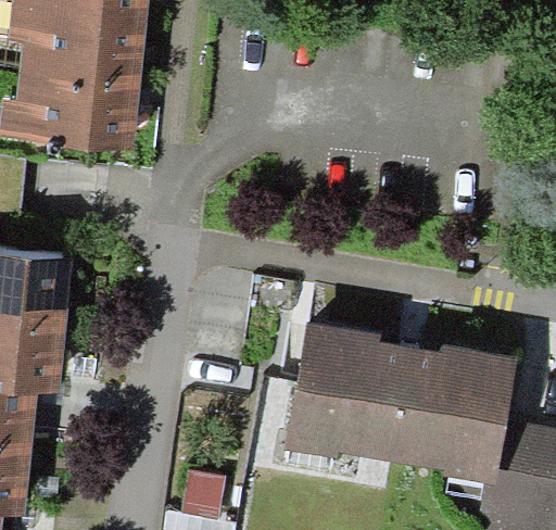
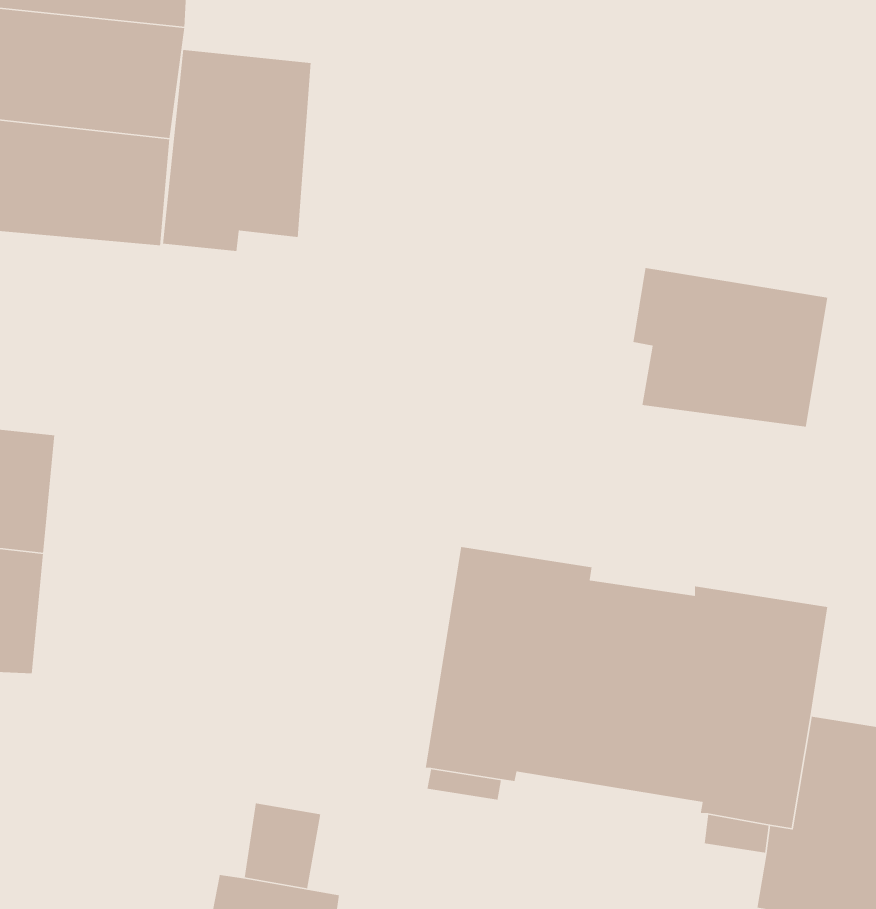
building: none -> [162,49,312,252]
building: none -> [632,267,828,428]

